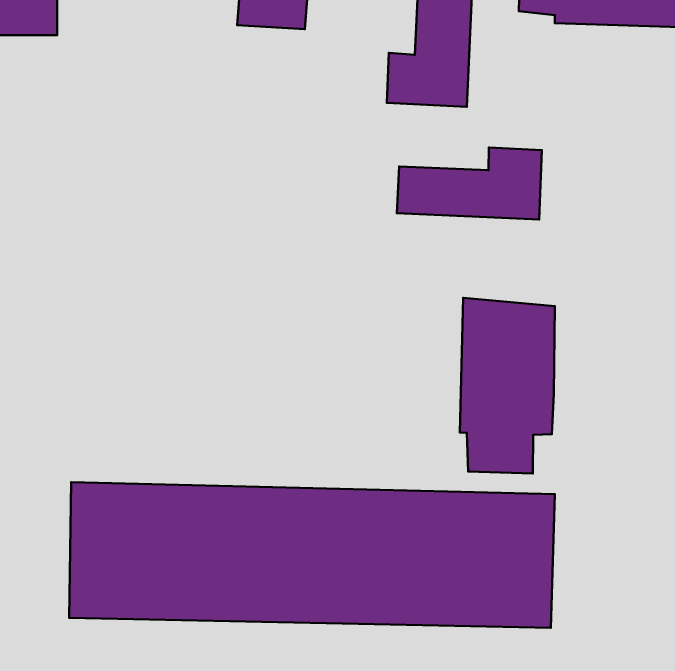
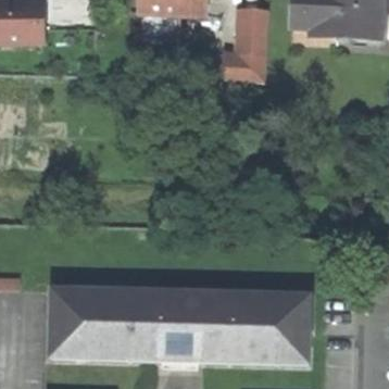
building: [397,148,542,220] -> none
building: [460,298,555,473] -> none

